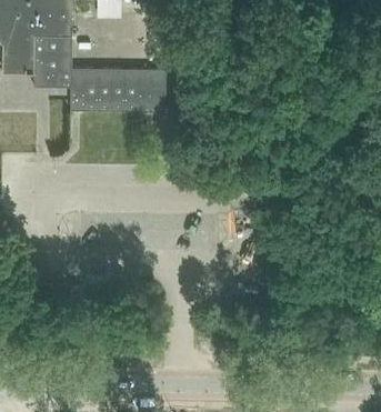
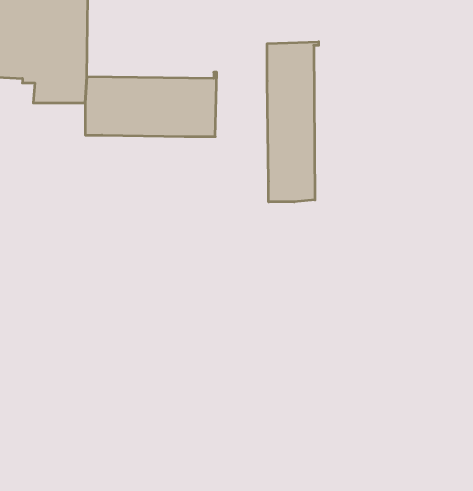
building: none -> [267,42,319,202]

